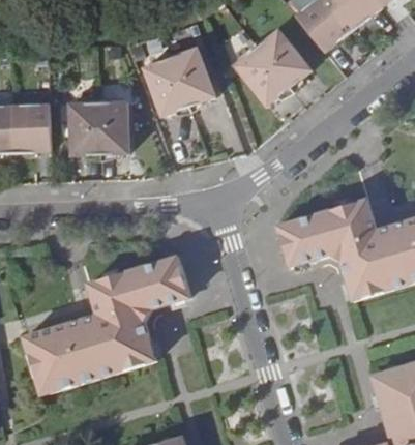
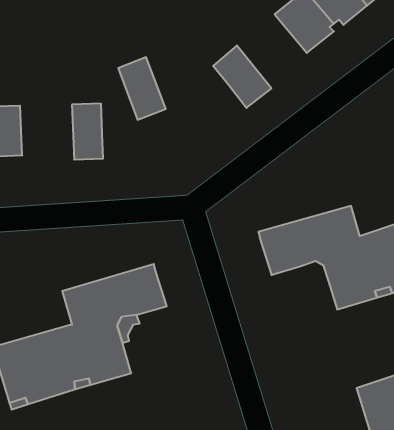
building: [258,28,313,87] -> none
building: [171,48,215,107] -> none
building: [70,102,101,156] -> none

